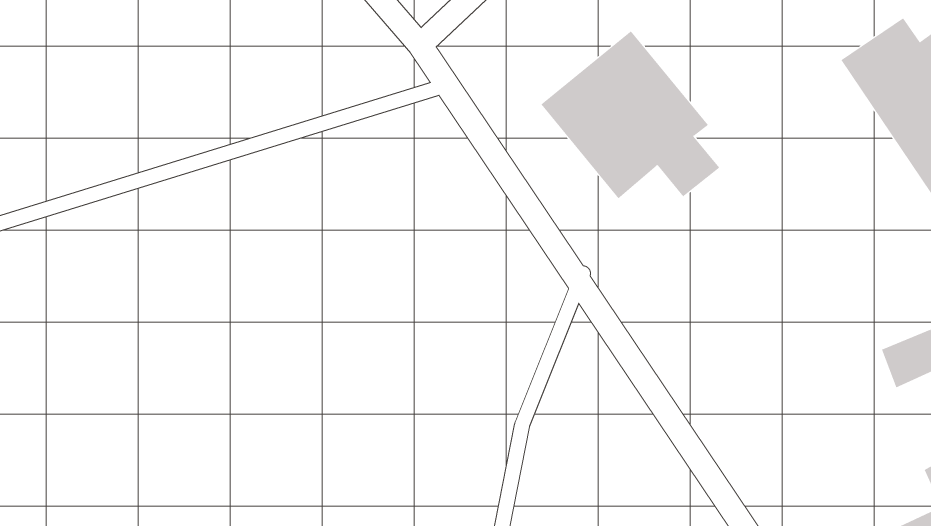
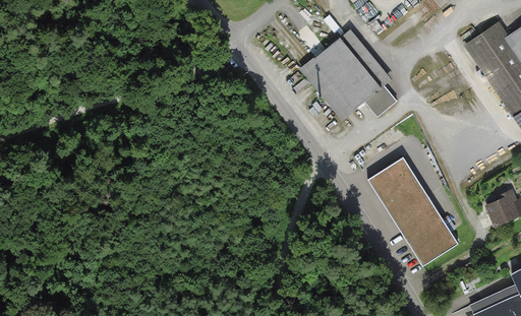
building: none -> [367,157,457,264]

